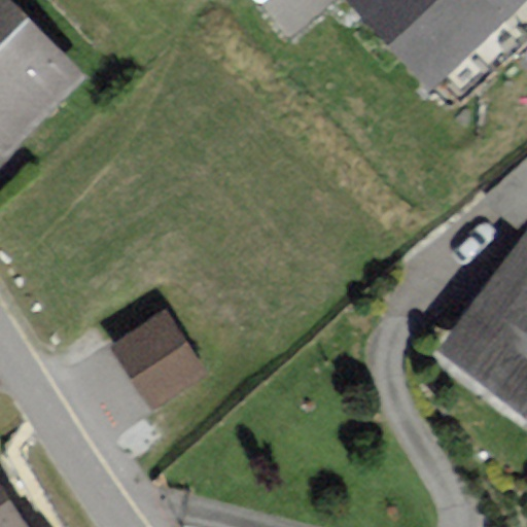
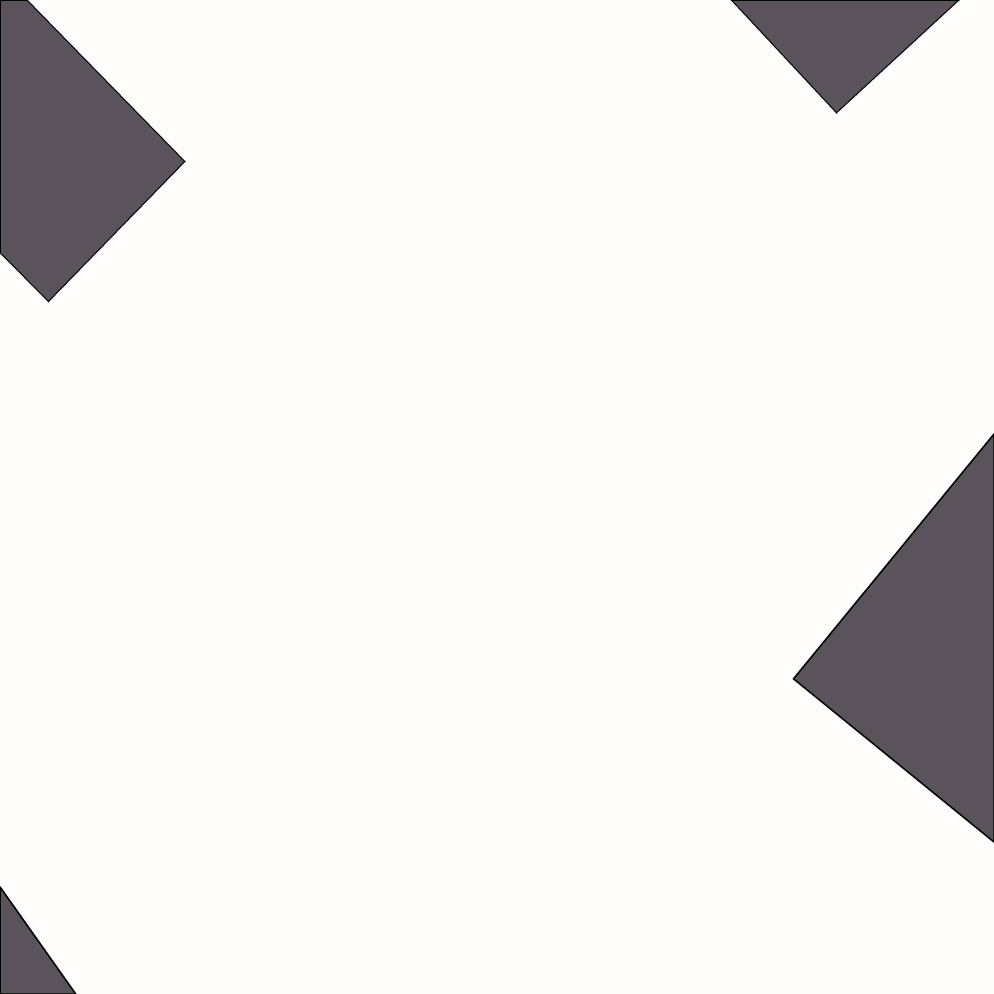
building: [118,320,204,409] -> none

